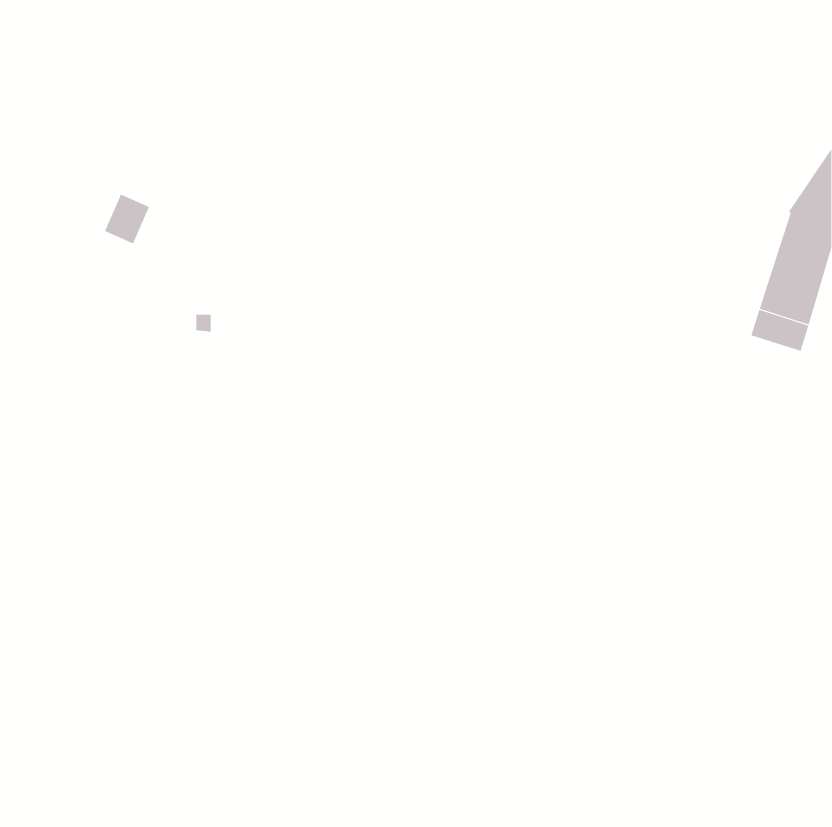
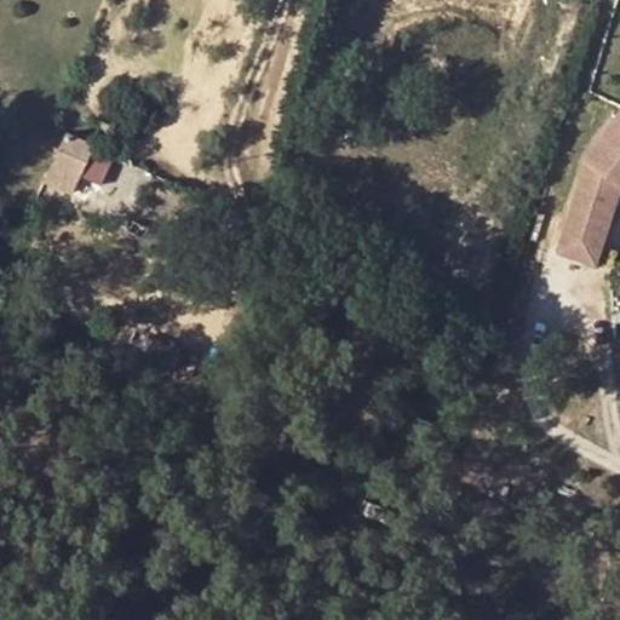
building: none -> [42,136,90,194]

